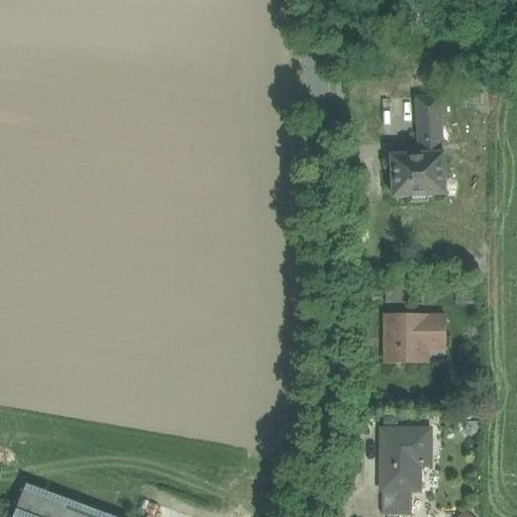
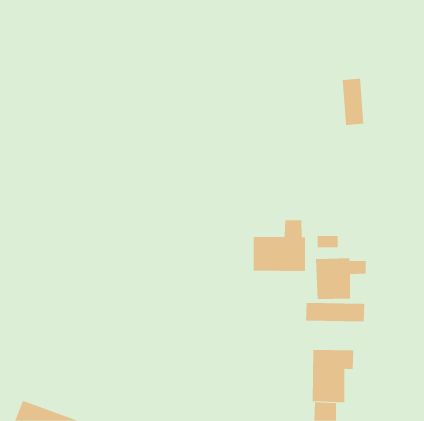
building: [384,150,446,201] -> none
building: none -> [253,220,306,272]
building: none -> [306,302,365,322]

